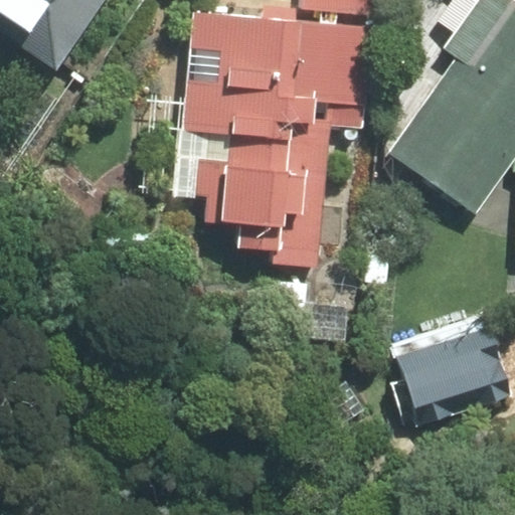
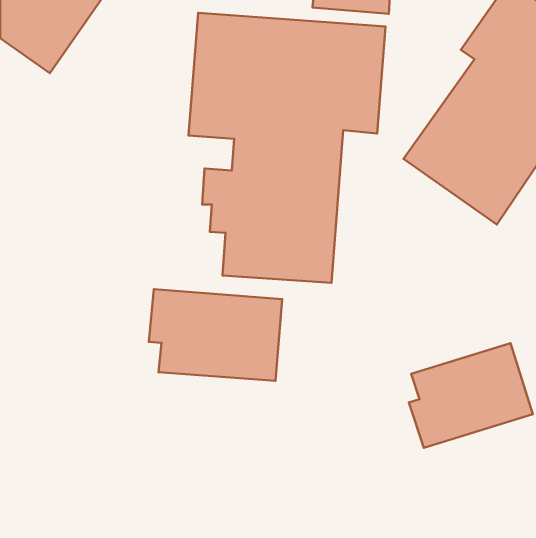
building: none -> [149,289,282,381]

